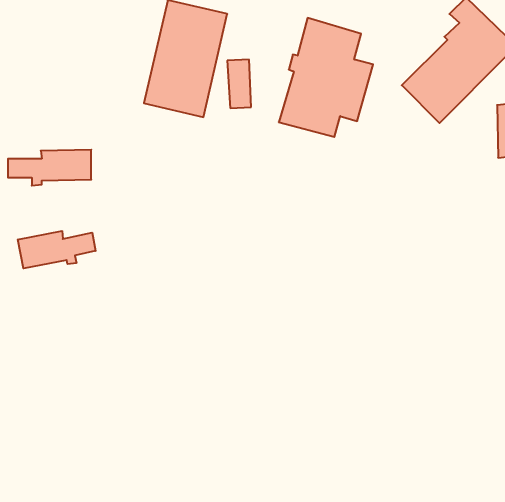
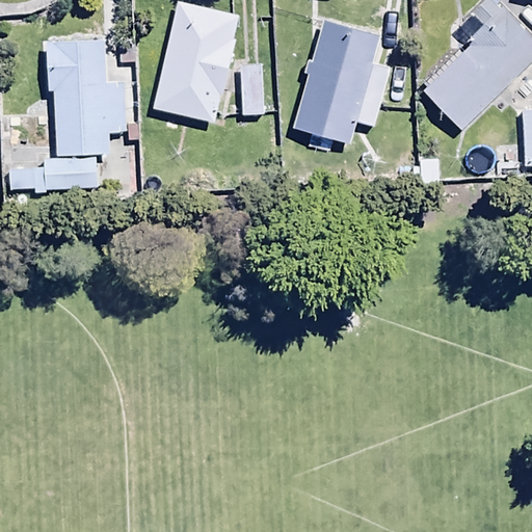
building: none -> [47,38,124,154]
building: [18,231,96,268] -> none

